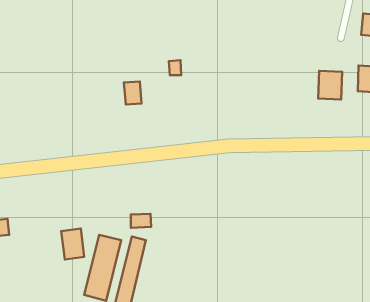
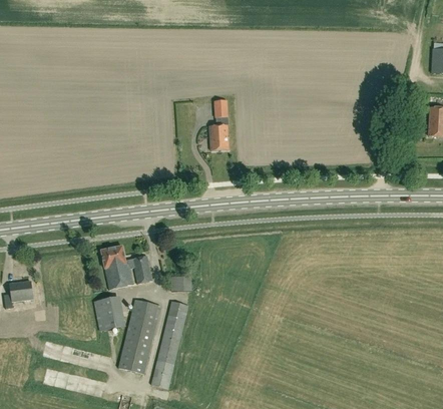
building: [318,71,342,99] -> none
building: [124,82,142,104] -> [209,124,230,150]
building: none -> [101,246,152,290]

